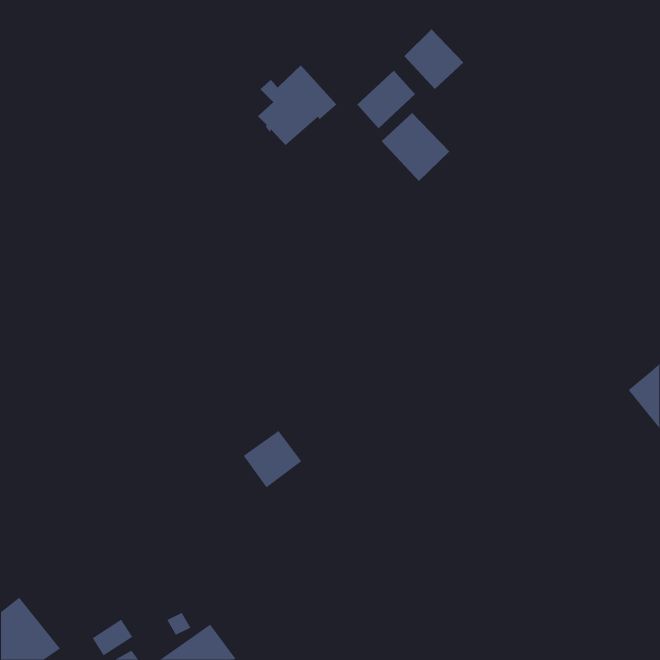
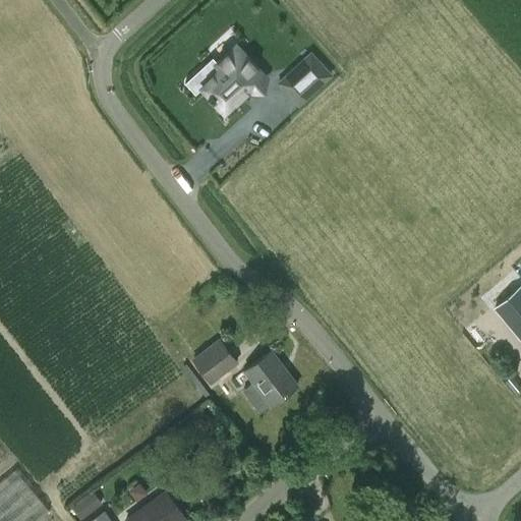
building: [404,28,464,90] -> none
building: [381,112,450,182] -> none
building: none -> [243,351,297,413]

